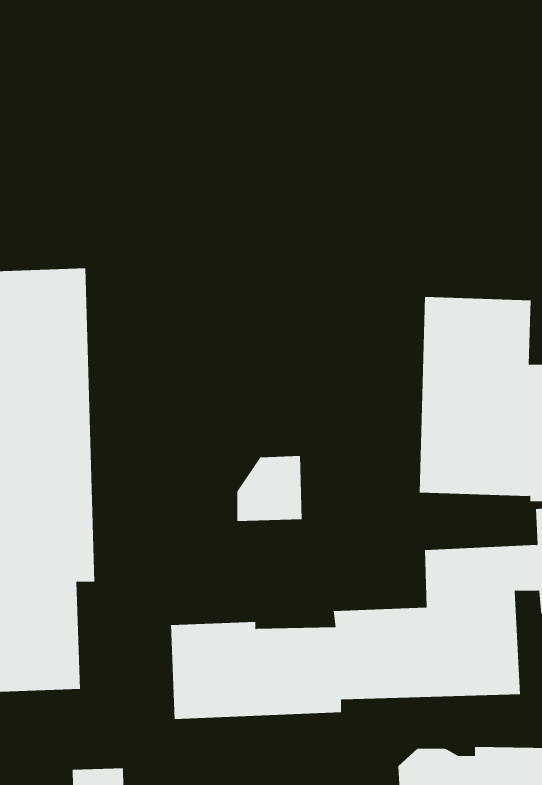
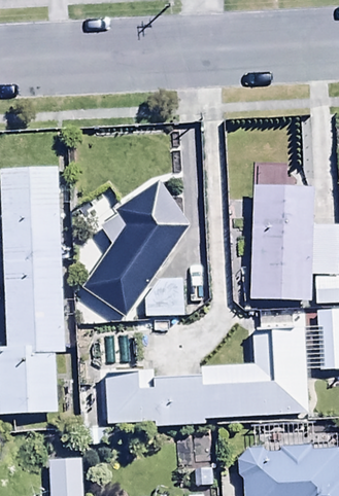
building: none -> [83,180,192,316]

